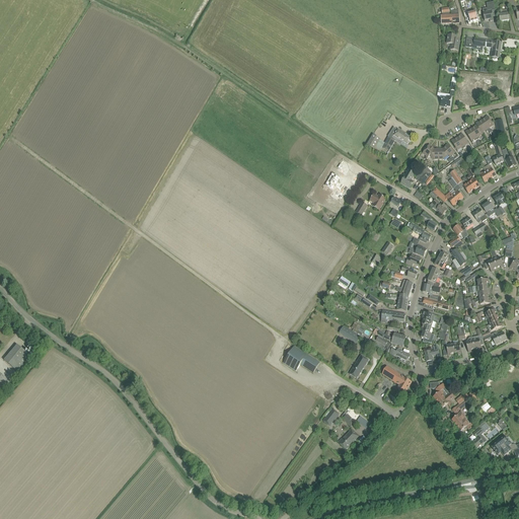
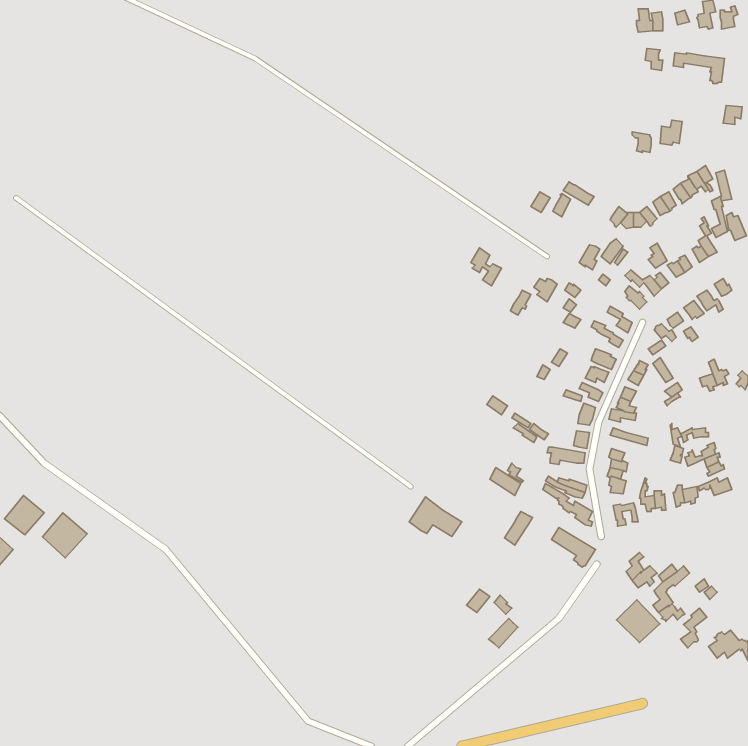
building: none -> [42,513,87,558]
building: none -> [617,600,660,642]

